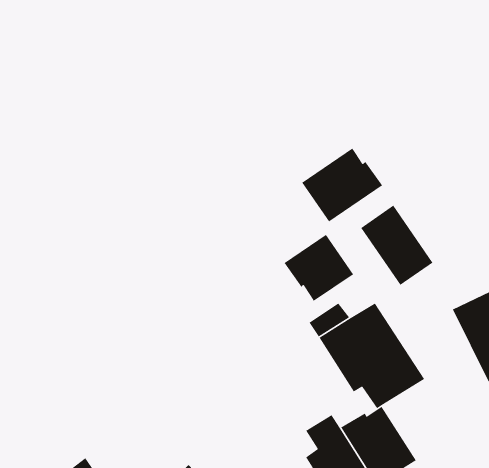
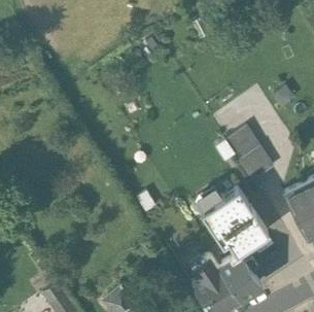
building: [301,148,383,223] -> none
building: [284,234,354,302] -> none

